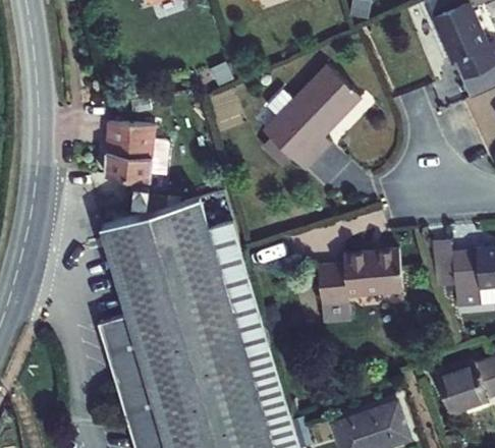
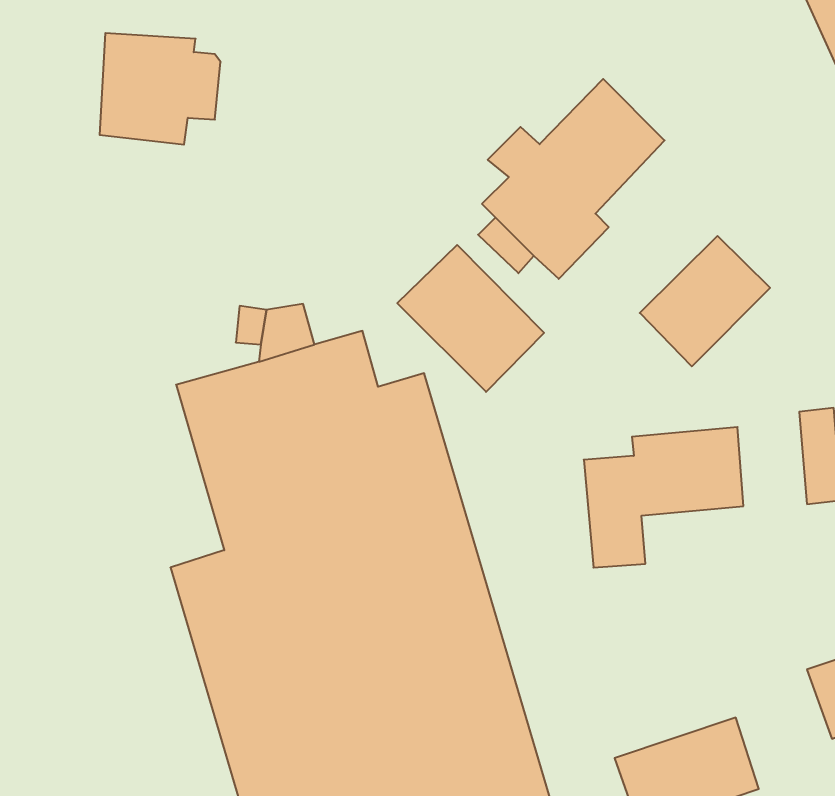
building: [104,123,168,182] -> [100,33,221,145]
building: none -> [640,236,770,366]
building: none -> [397,245,544,392]

